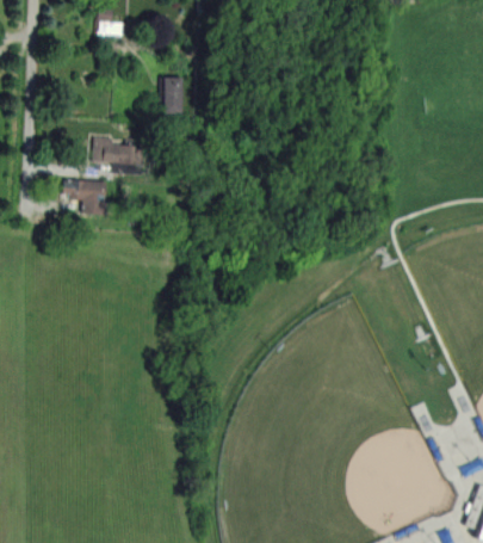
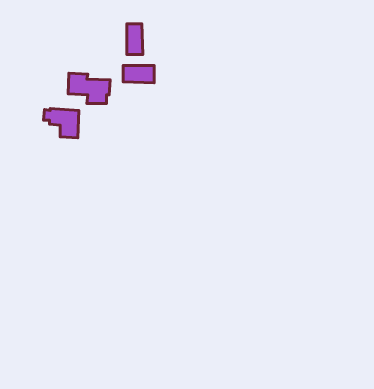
building: none -> [123,65,154,83]

